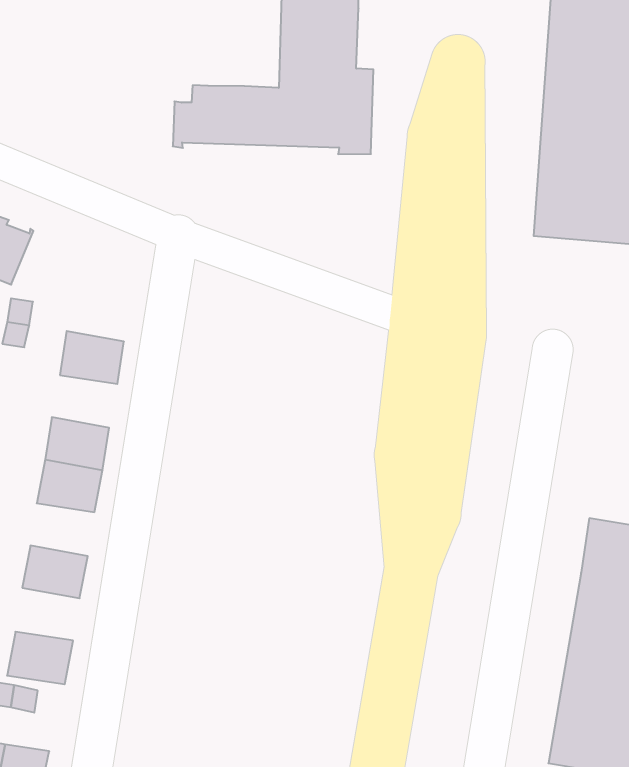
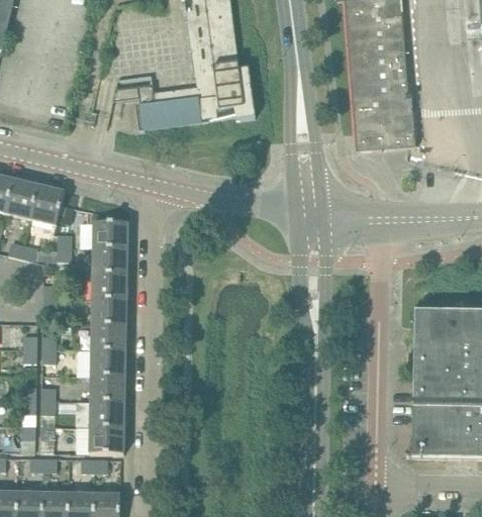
building: none -> [80,221,127,248]
building: none -> [92,274,127,300]
building: none -> [91,350,125,377]
building: none -> [90,401,124,427]

